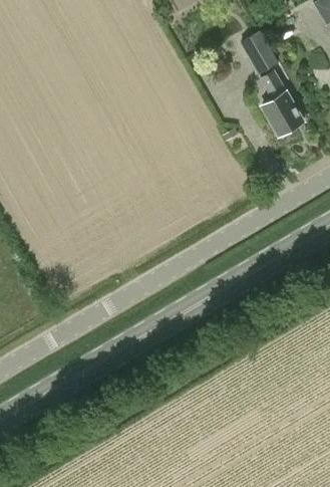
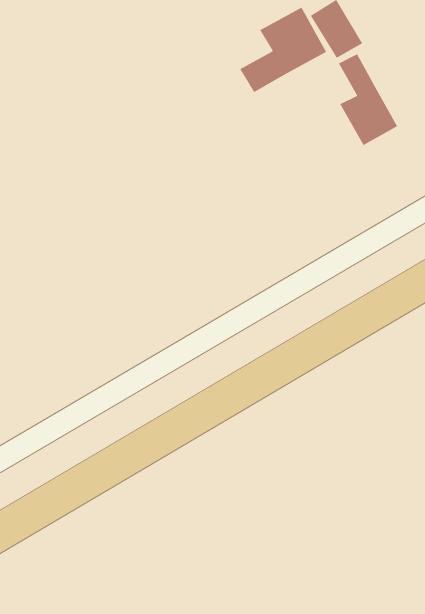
building: none -> [239,7,327,93]

